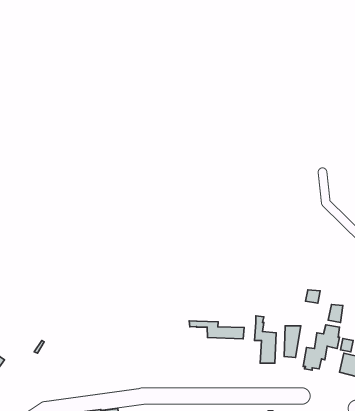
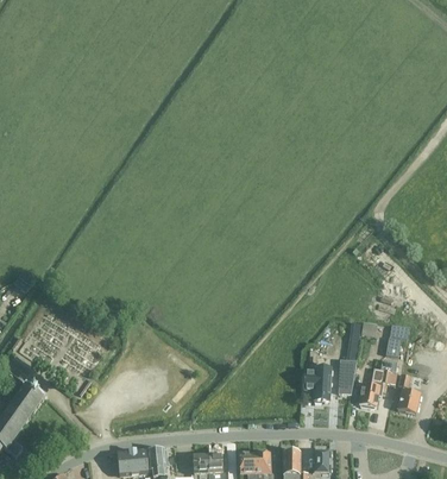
building: [189,321,244,339] -> none

